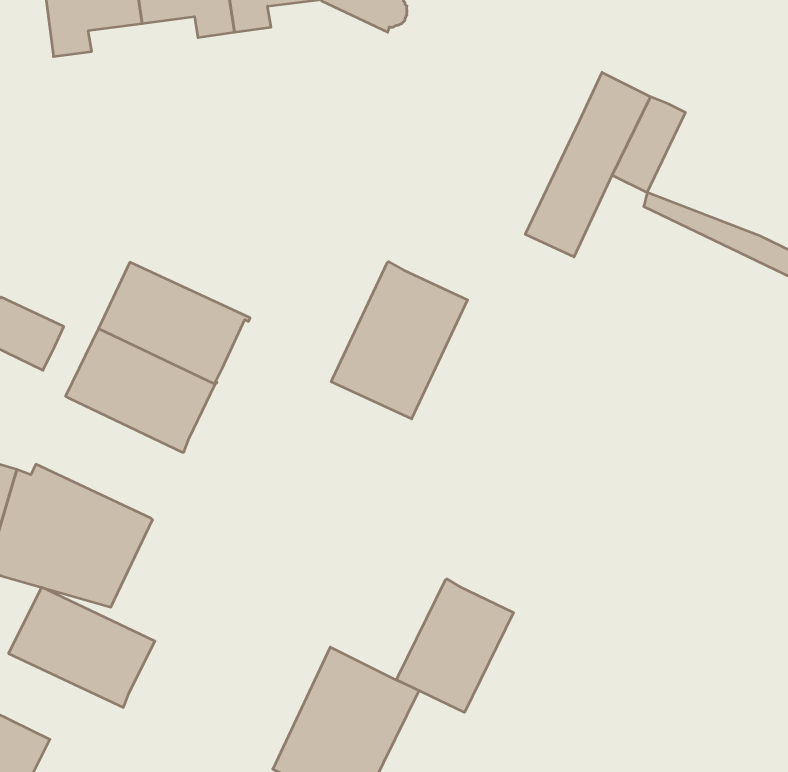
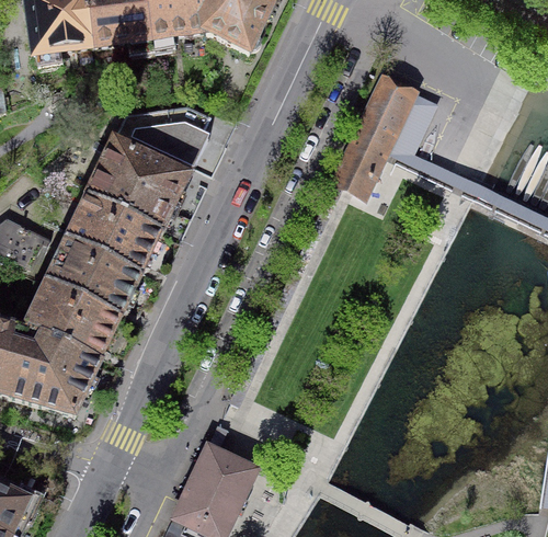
building: none -> [82,107,205,233]
building: [331,262,468,419] -> none
building: [397,579,513,712] -> none
building: [9,587,155,707] -> [23,284,115,359]

